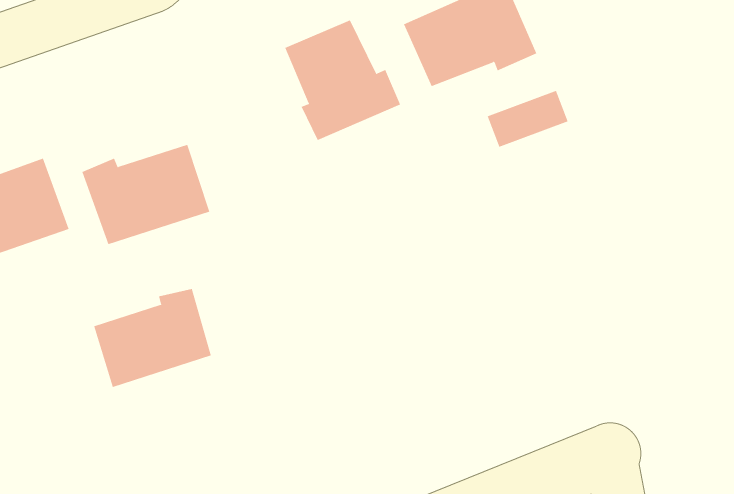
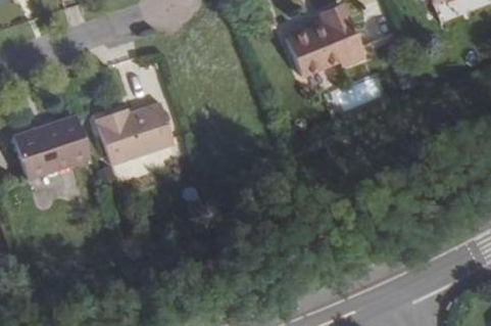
building: [284,19,401,141] -> none
building: [93,288,212,388] -> none

